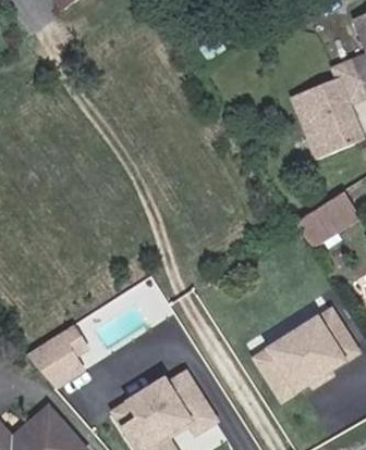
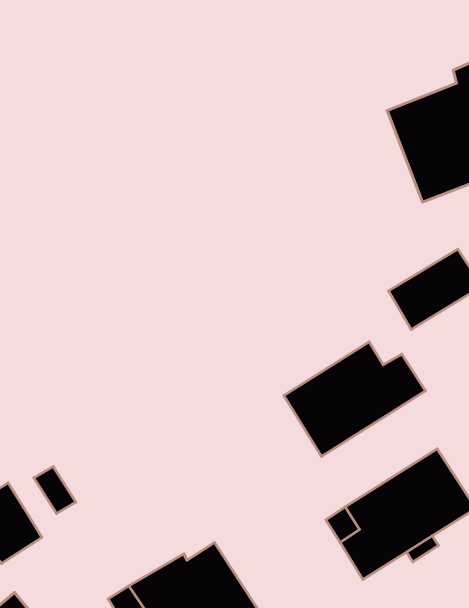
building: none -> [284,342,426,457]

